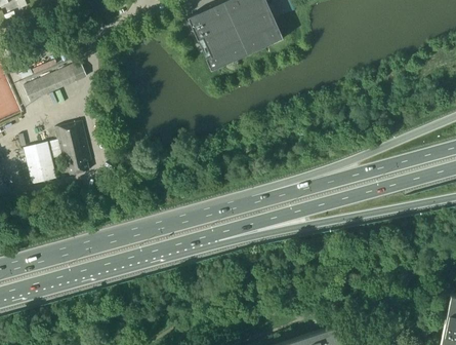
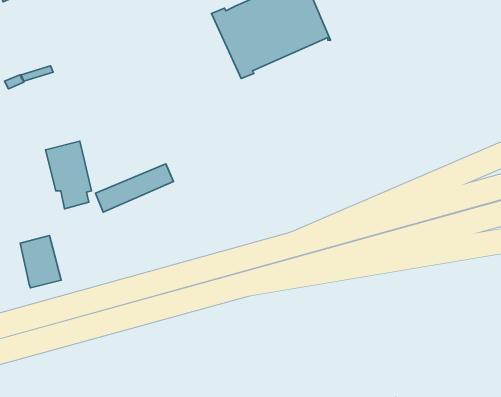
building: [25,63,87,102] -> [96,164,174,212]
building: [25,143,57,185] -> [20,236,61,288]

